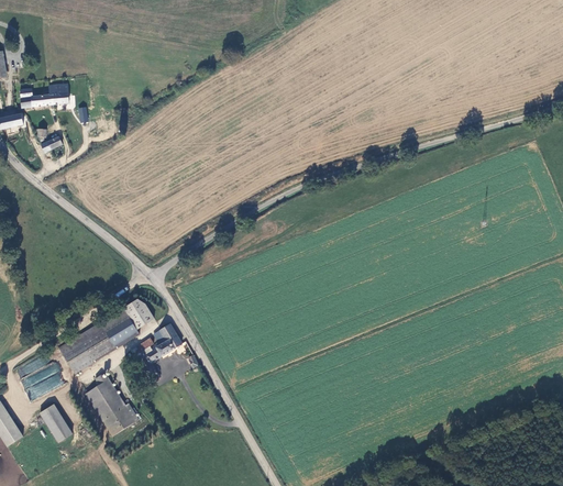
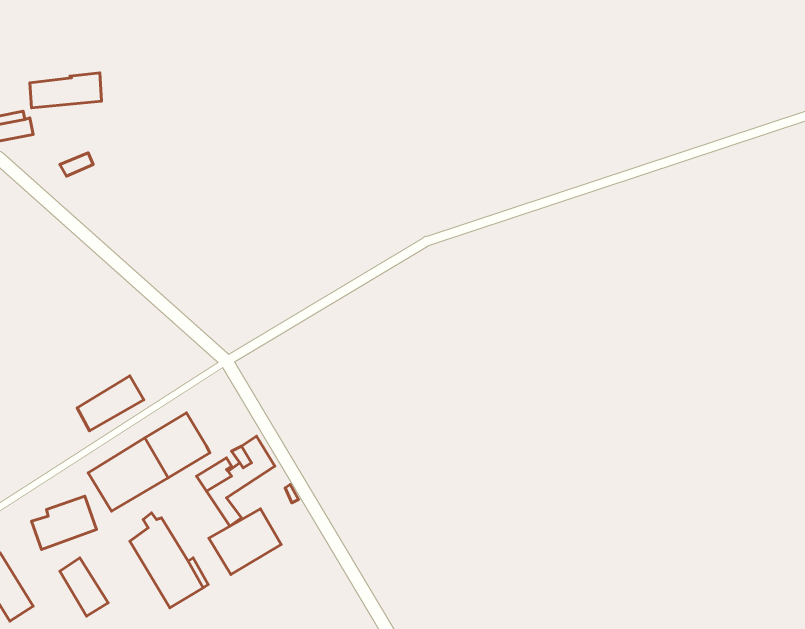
building: none -> [77,376,144,431]
building: [123,299,154,330] -> none
building: none -> [209,509,281,575]

